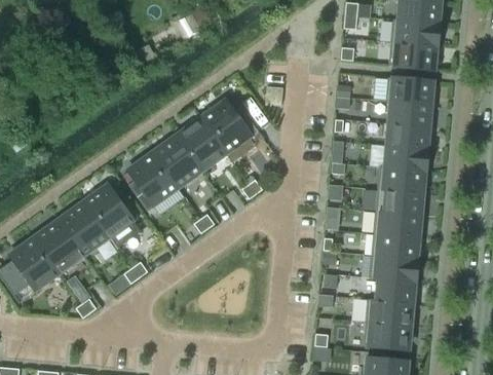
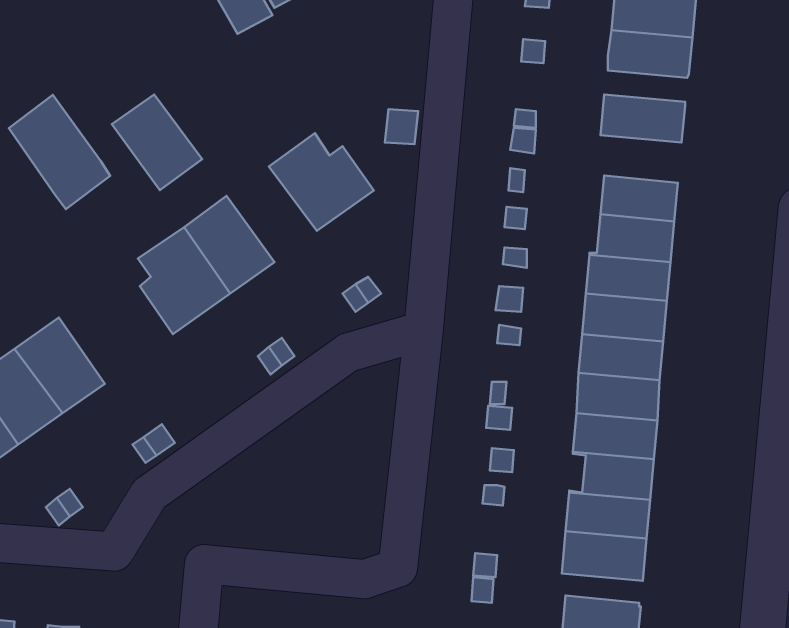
building: [385,100,430,126] -> none
building: [177,117,227,171] -> [112,95,202,190]
building: [83,183,140,247] -> [9,95,110,209]

